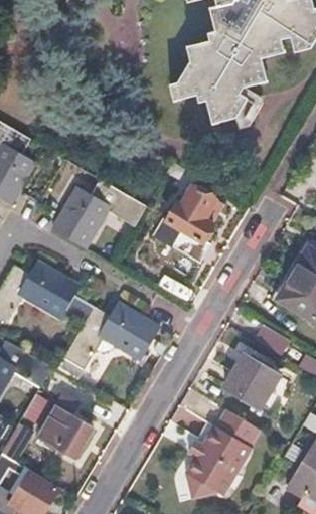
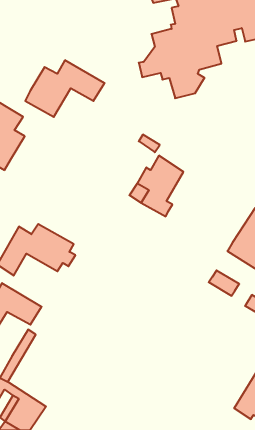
building: [53,180,148,247] -> [25,60,105,117]
building: [80,305,160,372] -> none
building: [221,357,277,411] -> none
building: [39,391,94,456] -> none
building: [183,410,260,501] -> none

